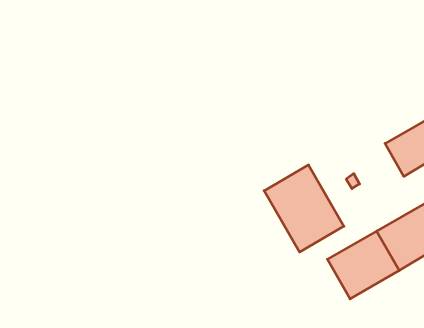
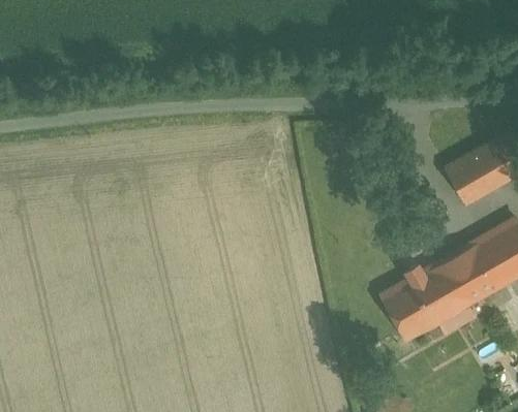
building: [264,165,344,252] -> none

